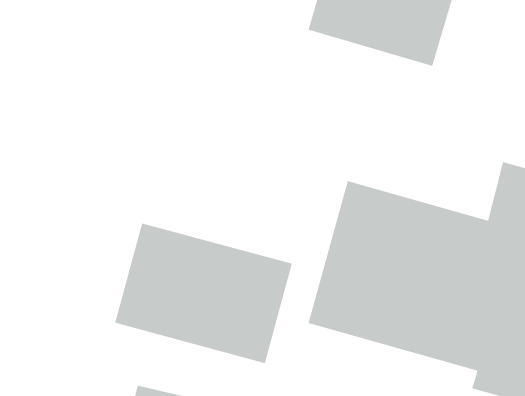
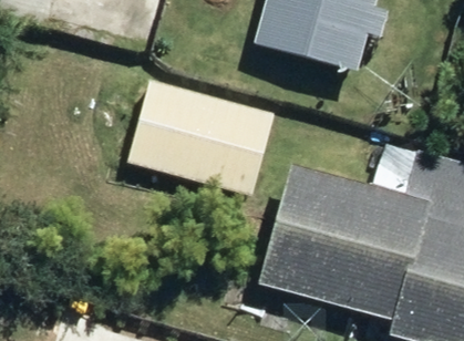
building: [114,222,293,364] -> [124,81,269,196]

